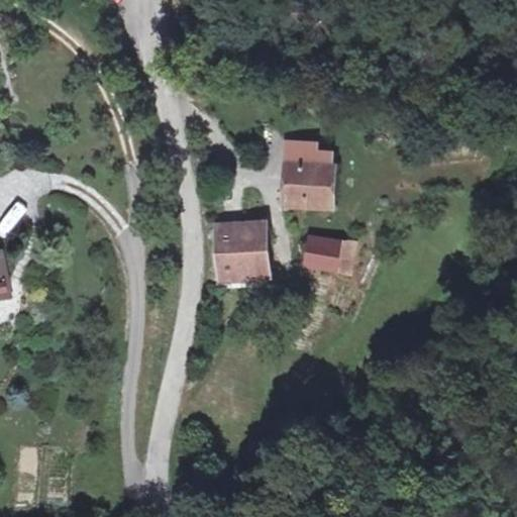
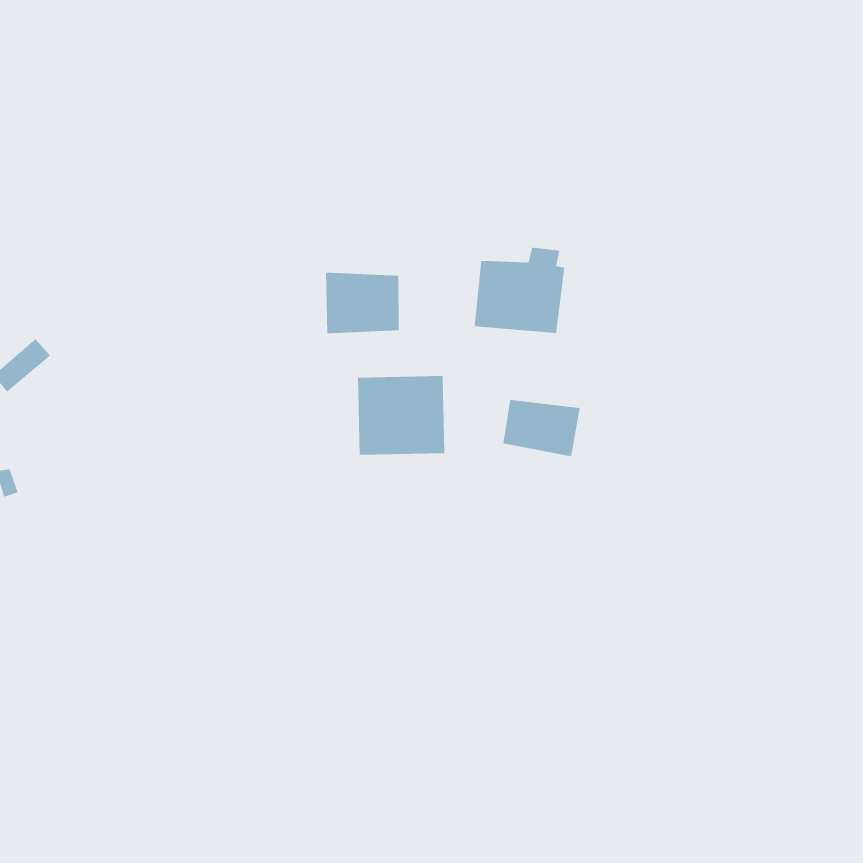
building: none -> [325,272,399,334]

